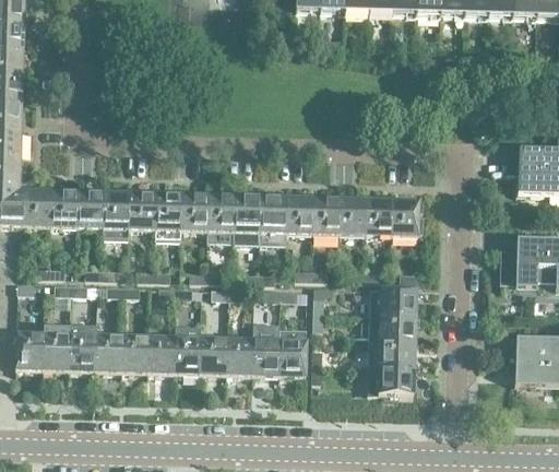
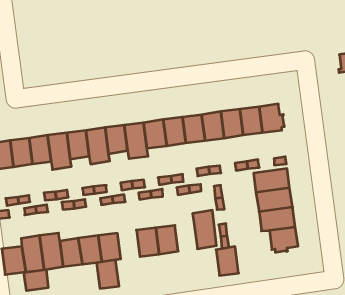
building: [175,338,202,374] -> [97,260,119,288]
building: [253,340,281,376] -> [216,247,239,275]
building: none -> [24,270,48,291]

